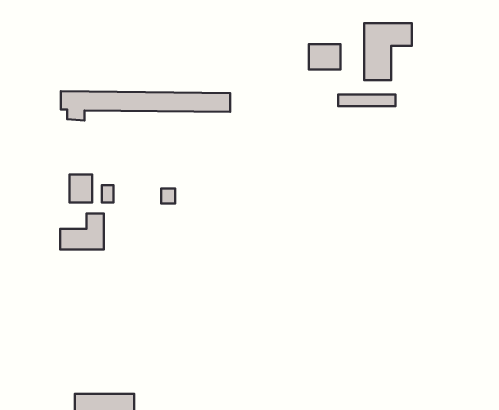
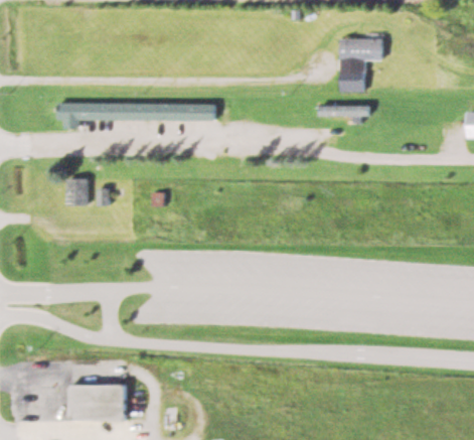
building: [309,44,341,70] -> none
building: [60,213,104,249] -> none

